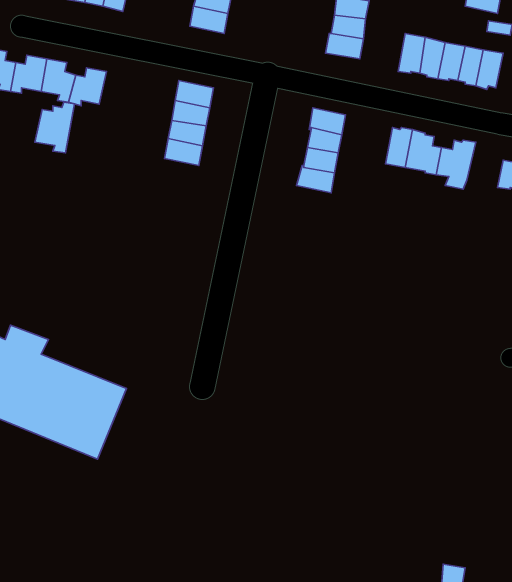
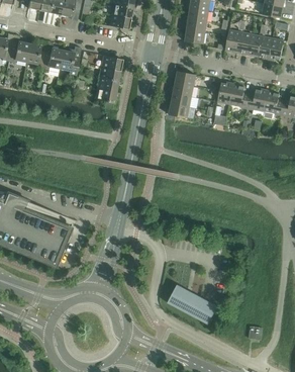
building: [35,102,75,153] -> [59,46,81,75]
building: none -> [264,90,284,119]
building: none -> [168,284,218,324]

